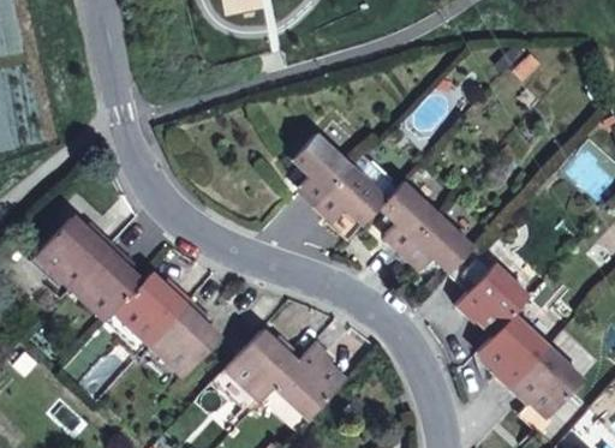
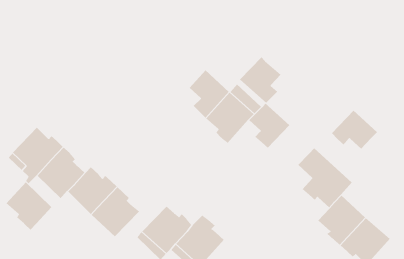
building: none -> [239,56,281,104]
building: [406,214,473,271] -> [331,110,378,150]
building: none -> [5,182,52,231]

